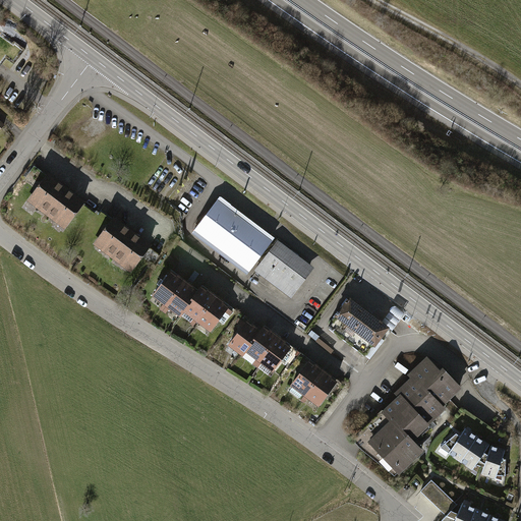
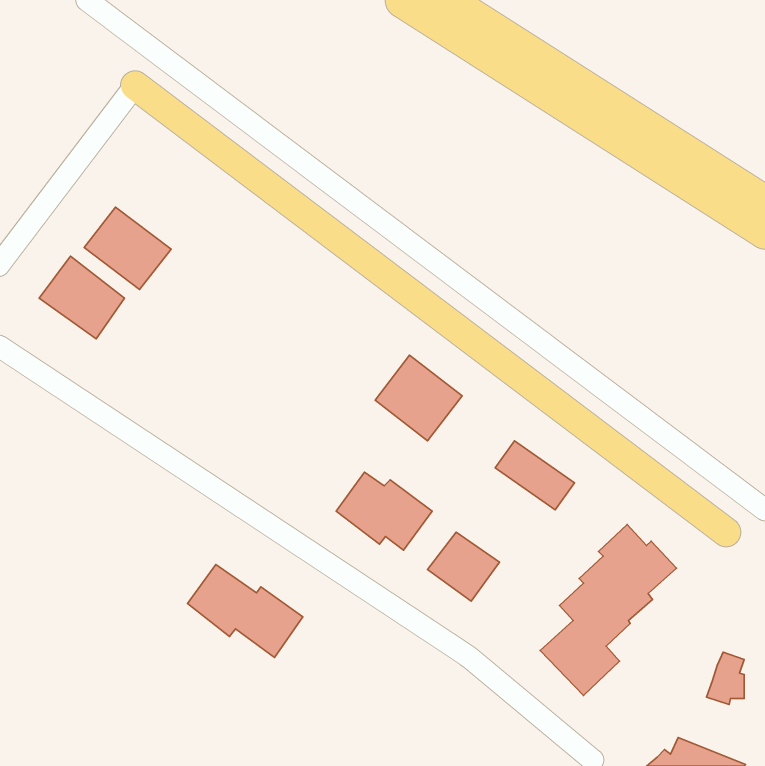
building: [191,197,274,276] -> none
building: [93,218,152,274] -> [84,207,171,290]
building: [152,271,230,334] -> [187,564,303,657]
building: [439,426,488,469] -> none
building: [419,478,456,514] -> none

